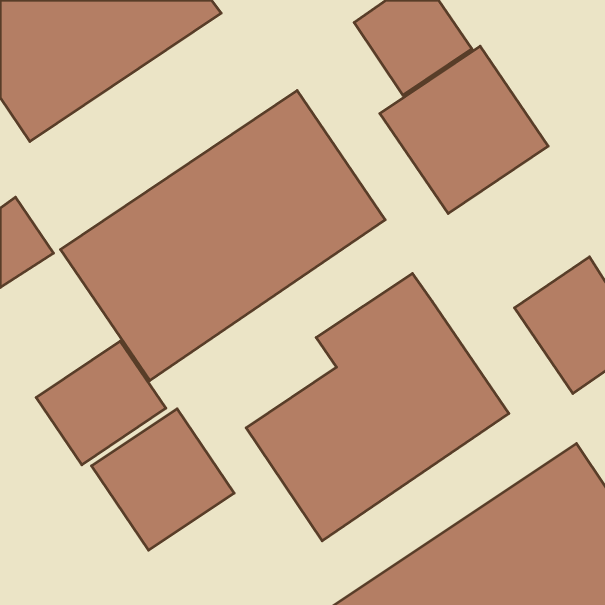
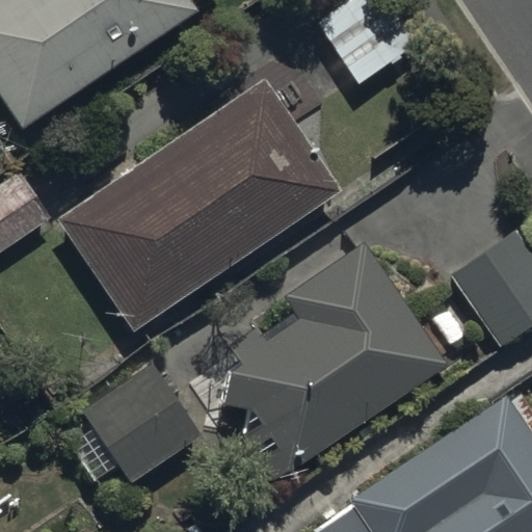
building: [380,46,548,214] -> none
building: [36,341,166,465] -> none

